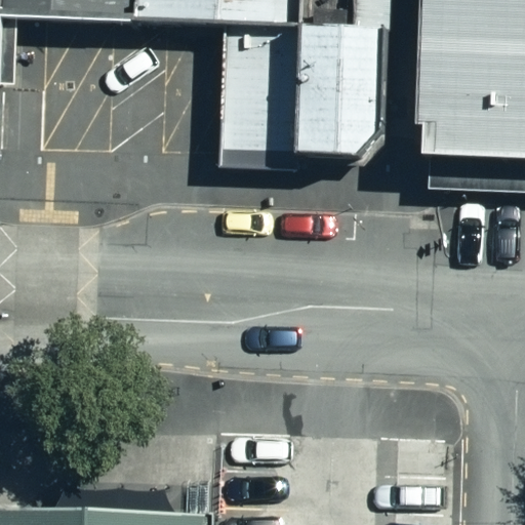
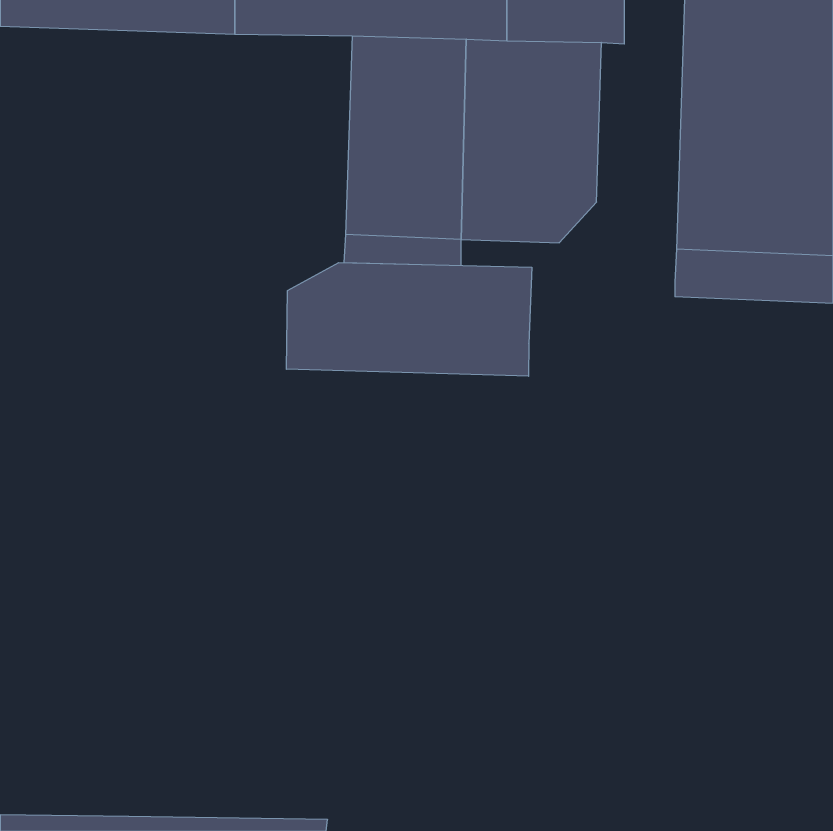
building: none -> [286,263,532,376]

